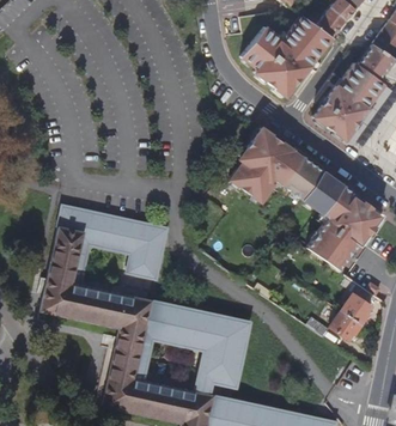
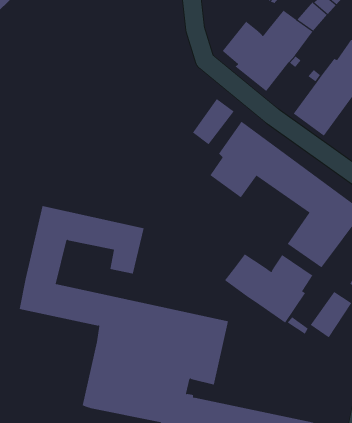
building: none -> [192,98,235,145]
building: none -> [224,253,313,323]

